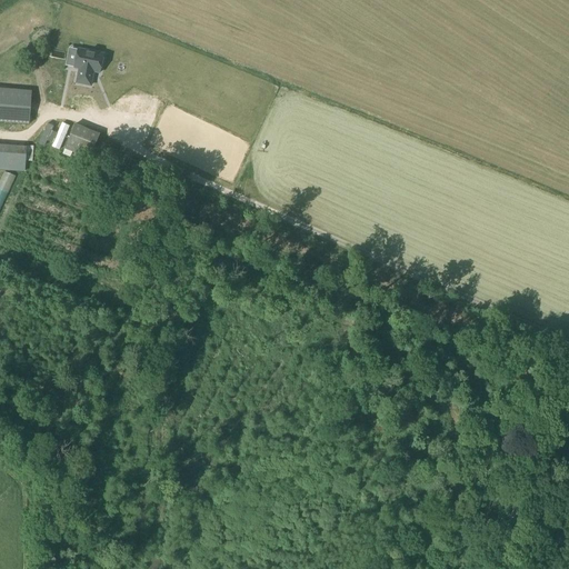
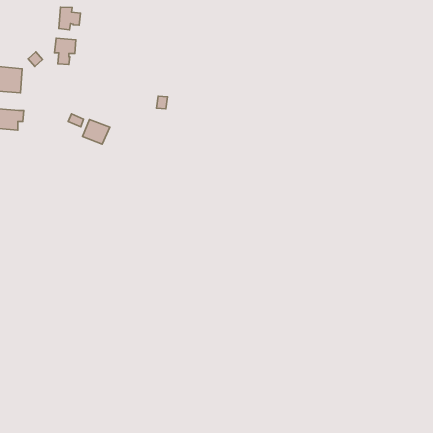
building: none -> [59,7,80,30]
building: [63,122,99,154] -> [83,120,110,144]

